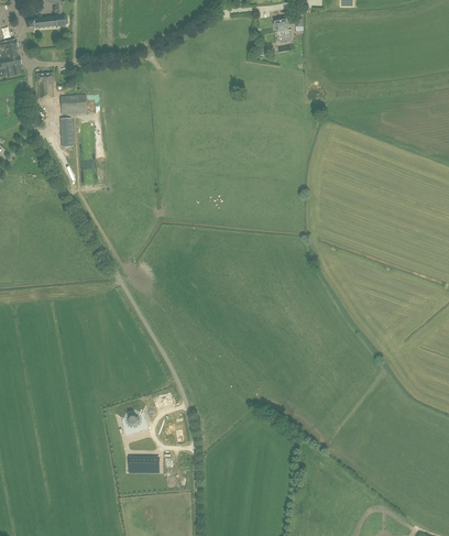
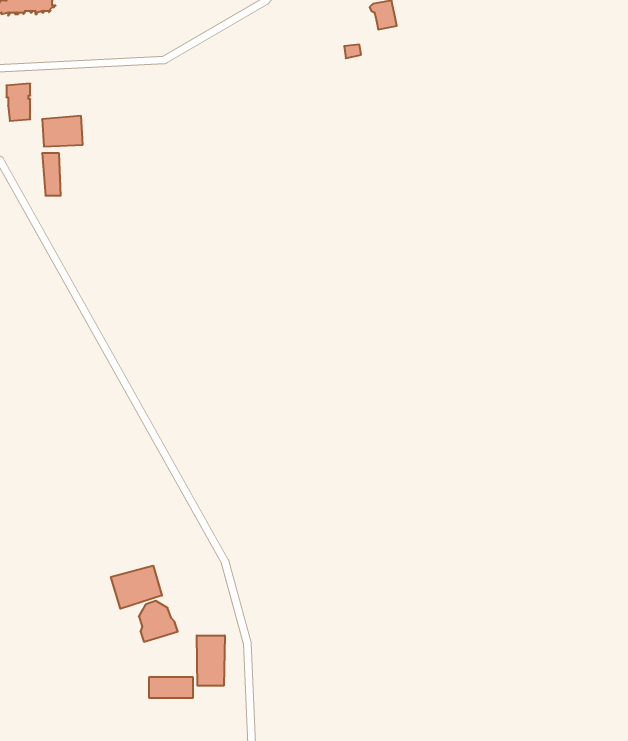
building: none -> [111,566,162,609]
building: none -> [197,635,225,686]

